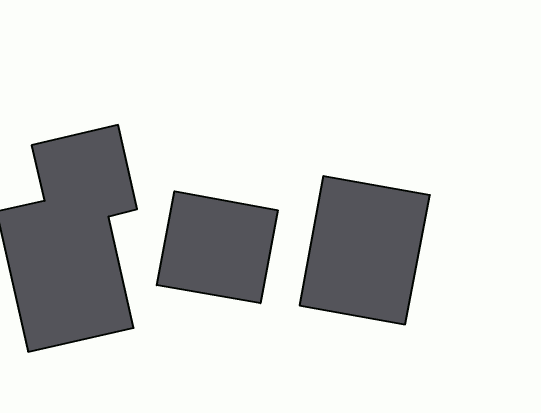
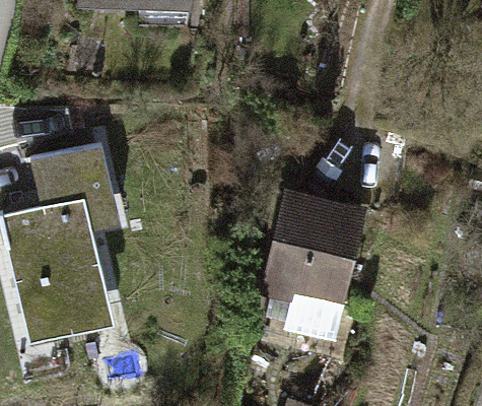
building: [157,191,278,303] -> none

